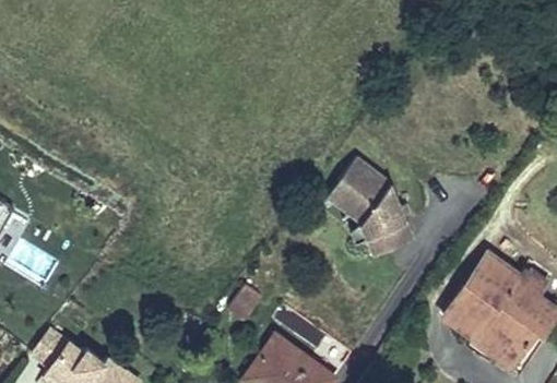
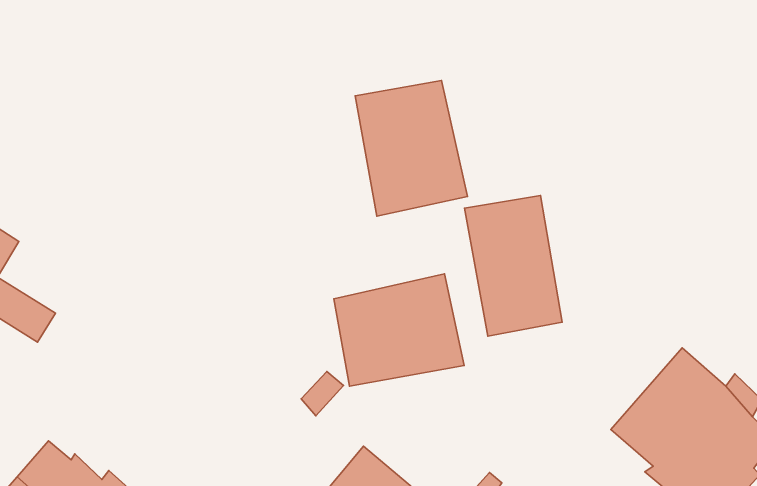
building: none -> [355,80,467,216]
building: none -> [334,274,464,386]

